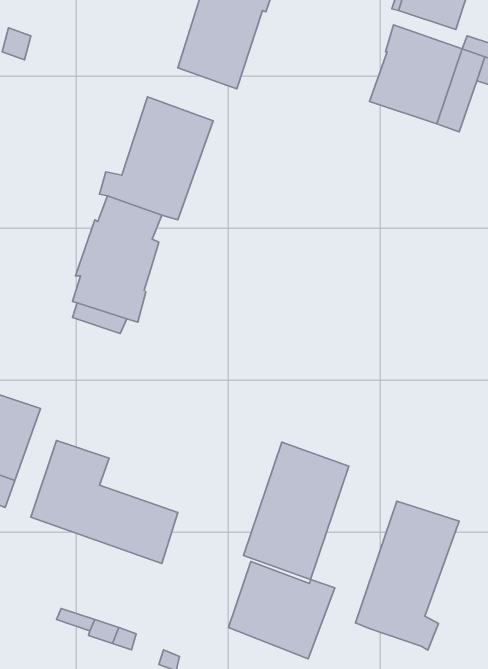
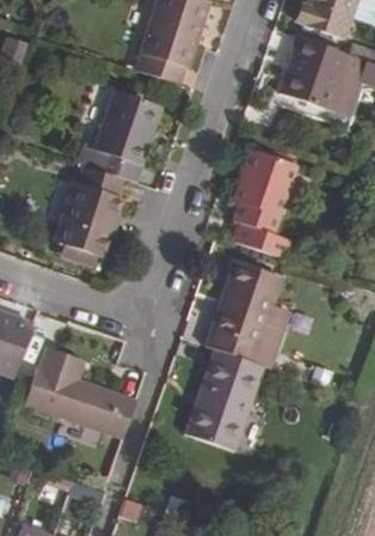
building: none -> [232,150,297,257]
building: none -> [205,261,290,367]
building: [356,501,459,650] -> none
building: [228,562,335,659] -> none

